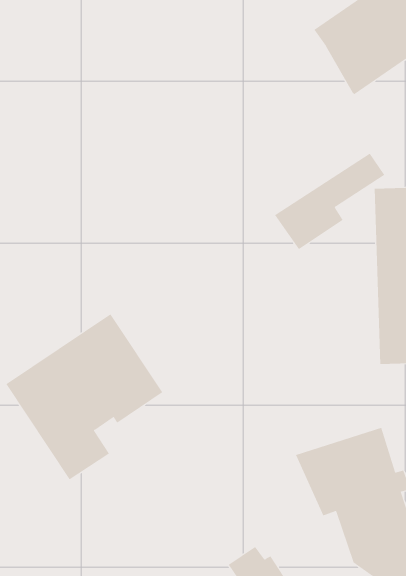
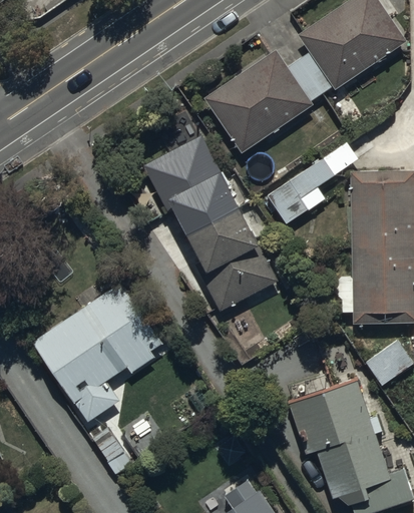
building: none -> [201,47,331,155]
building: none -> [142,135,275,314]

